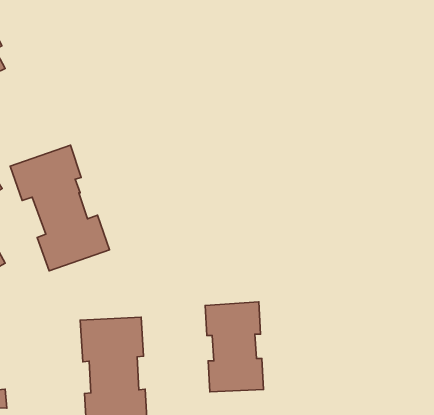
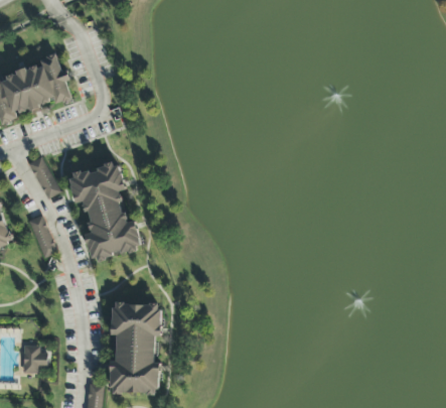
building: [205,302,264,392] -> none

